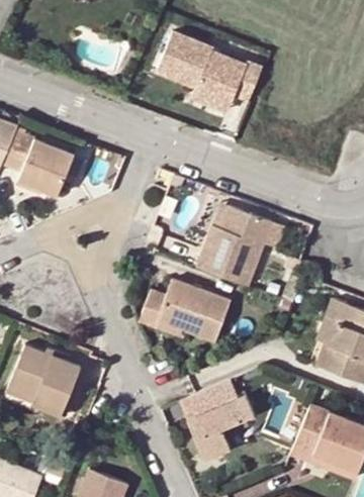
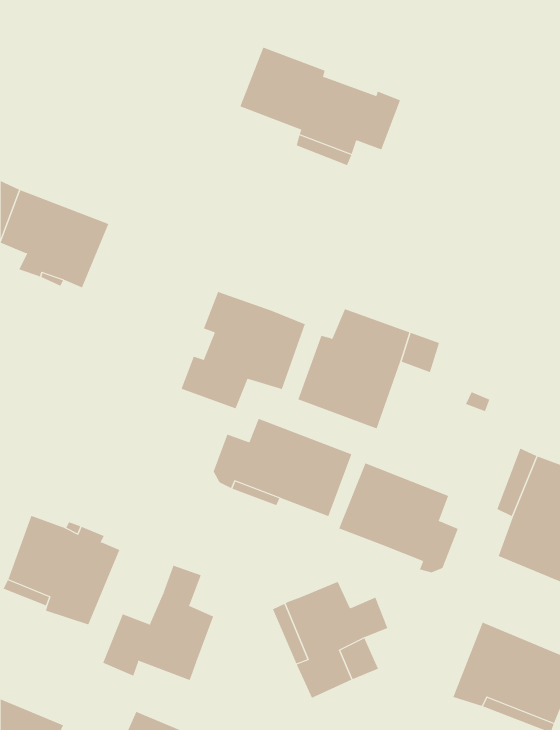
building: none -> [181,291,305,409]
building: none -> [339,463,459,573]
building: none -> [102,565,214,681]

